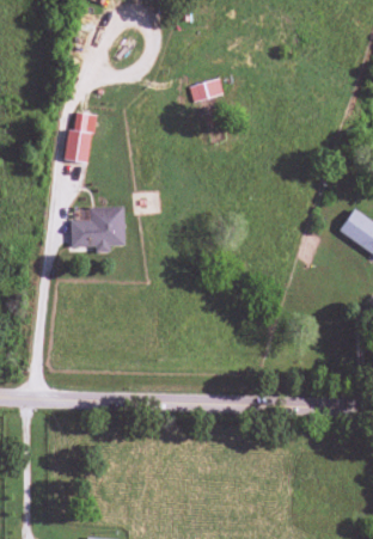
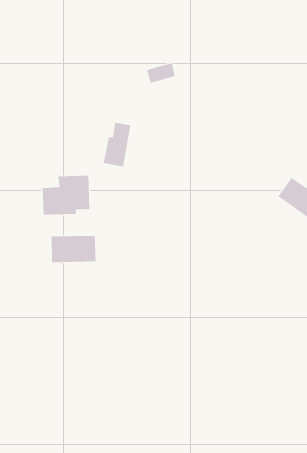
building: [63,111,96,163] -> [103,122,131,167]
building: none -> [51,235,96,263]

